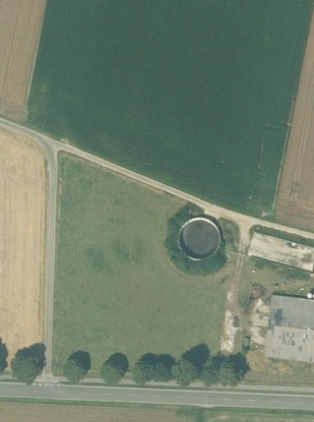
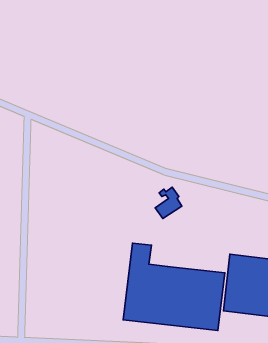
building: none -> [123,243,225,330]

